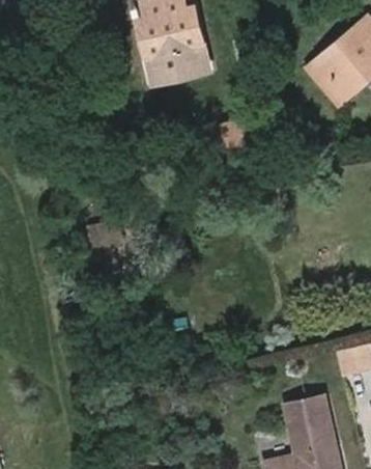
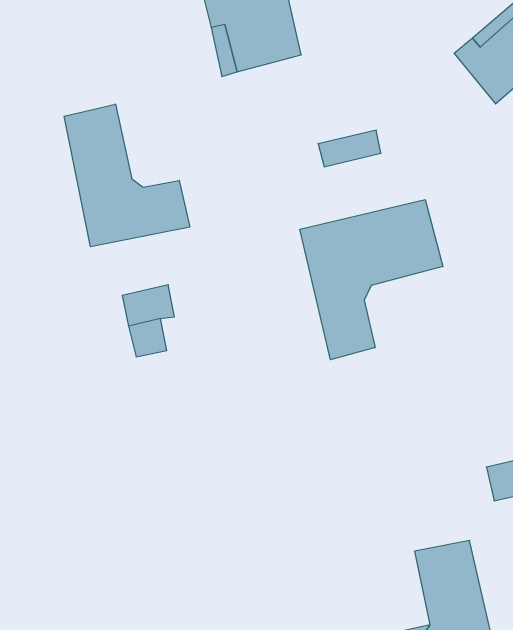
building: none -> [64,104,190,247]
building: none -> [300,200,443,360]

